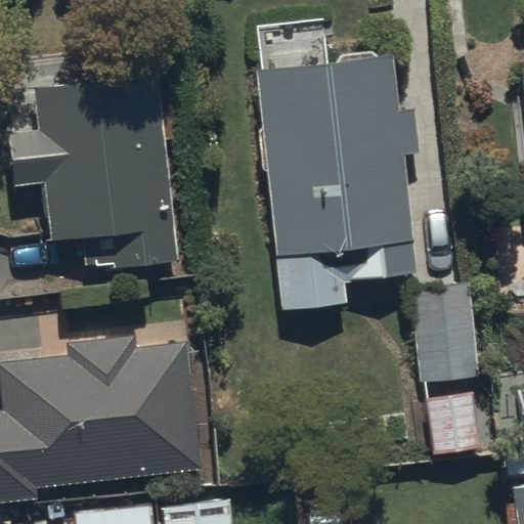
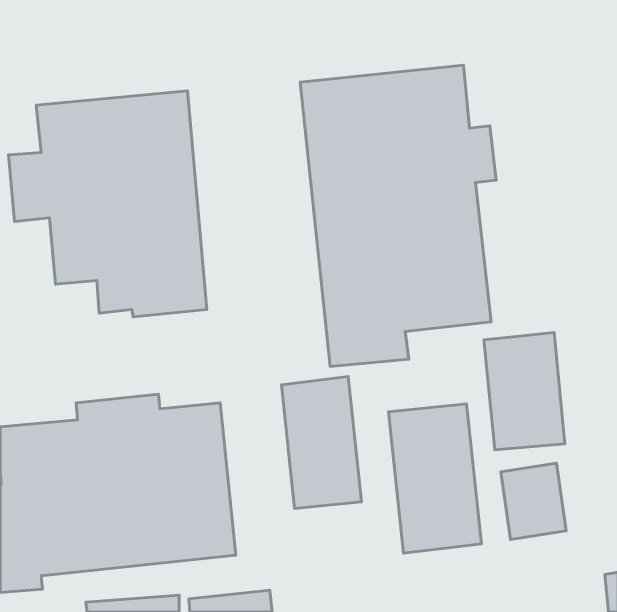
building: none -> [282,377,361,508]
building: none -> [388,404,481,553]

